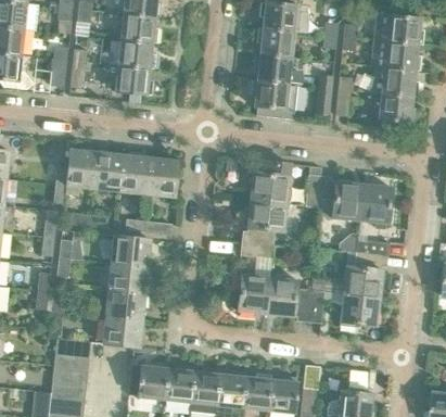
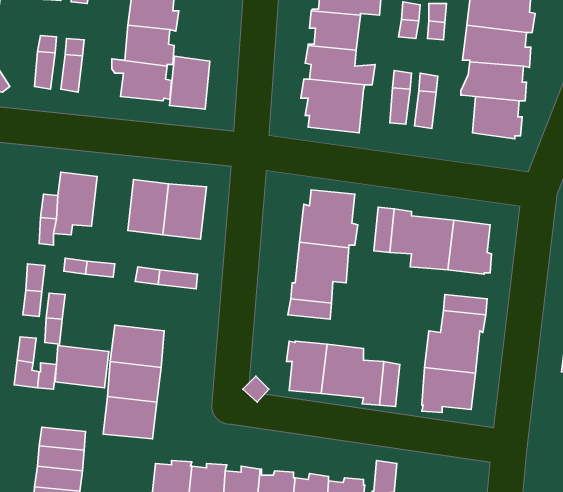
building: none -> [169,56,210,109]
building: [92,152,124,192] -> none
building: [110,236,150,267] -> [55,346,109,388]

